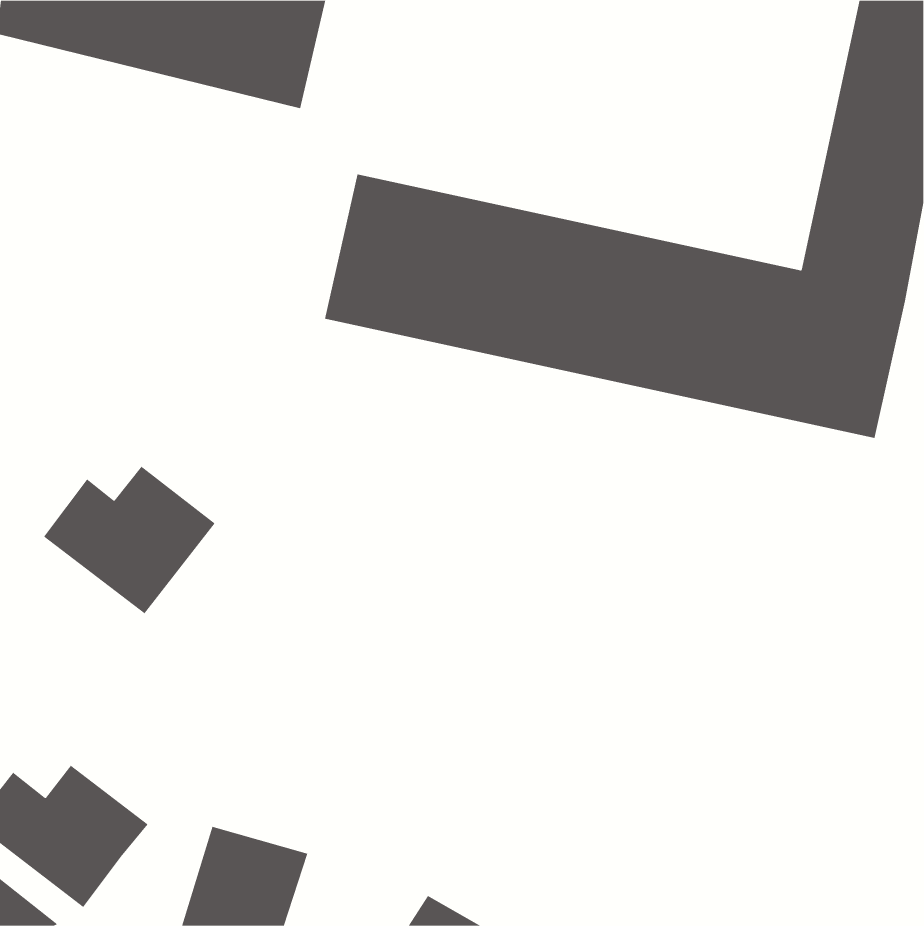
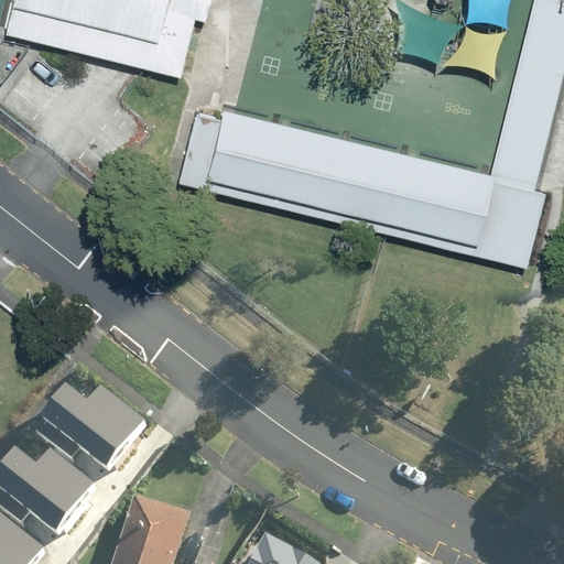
building: [43,466,215,614] -> [34,398,139,488]

